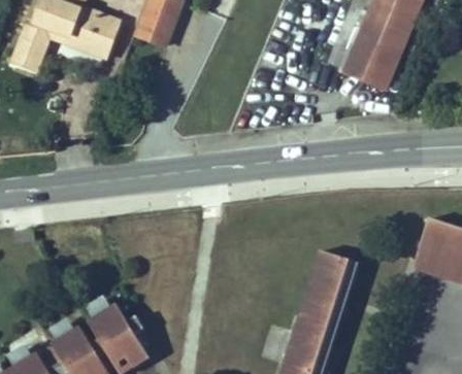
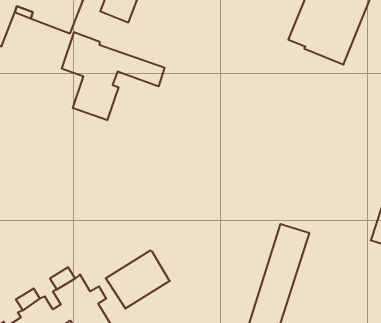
building: none -> [62,32,164,120]
building: none -> [106,250,170,309]

